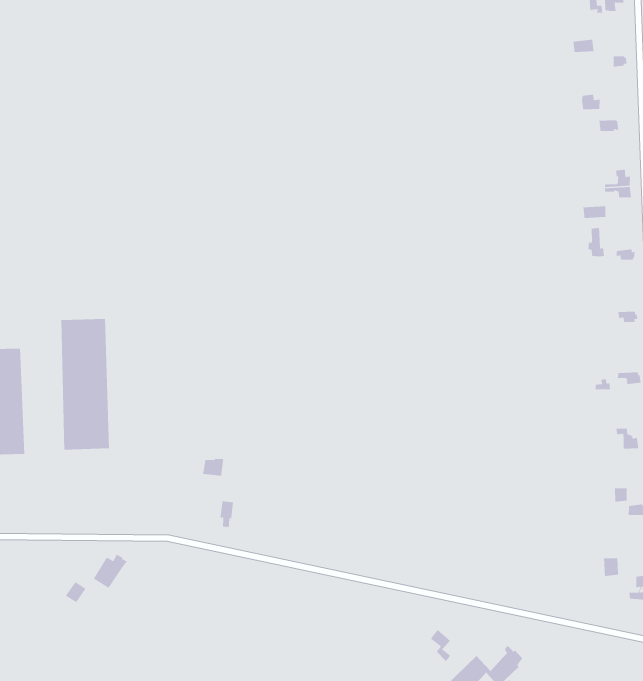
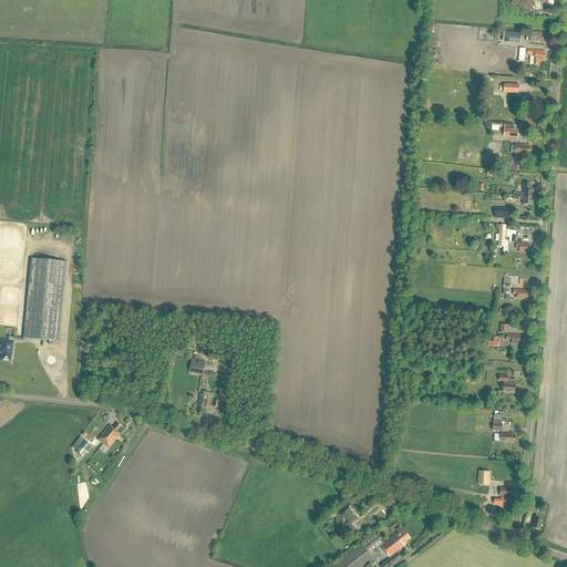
building: [61,318,110,450] -> none

